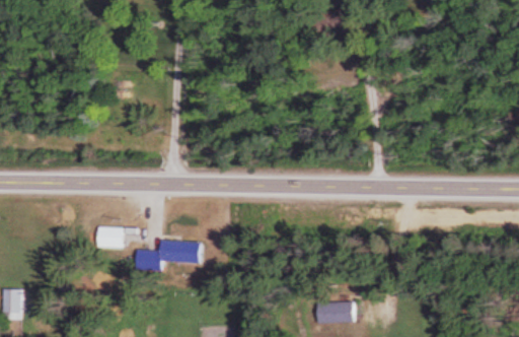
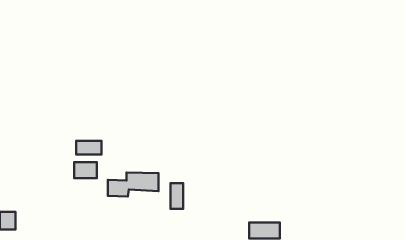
building: none -> [76,141,101,155]
building: none -> [171,183,183,209]

